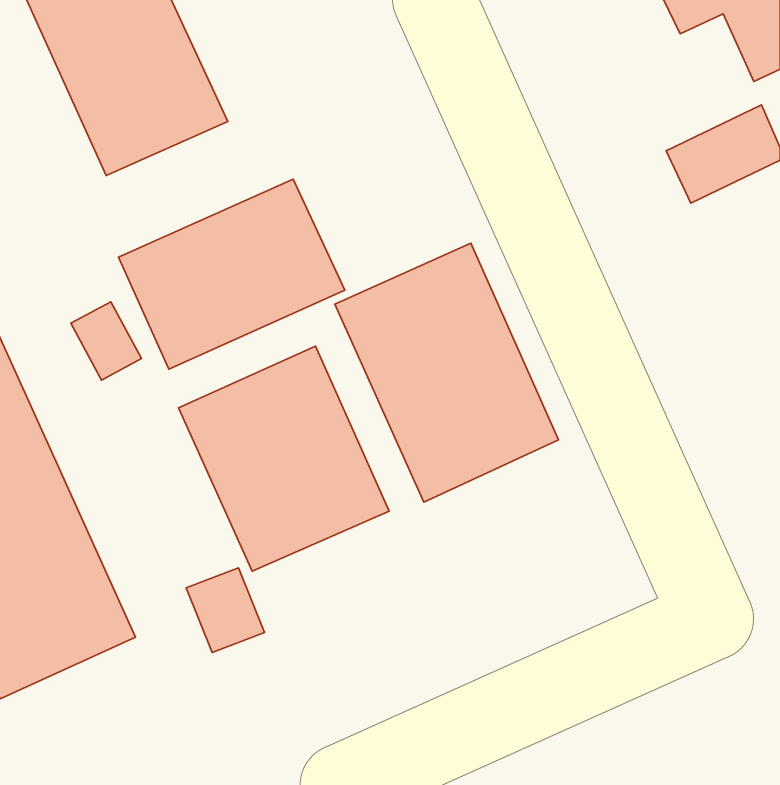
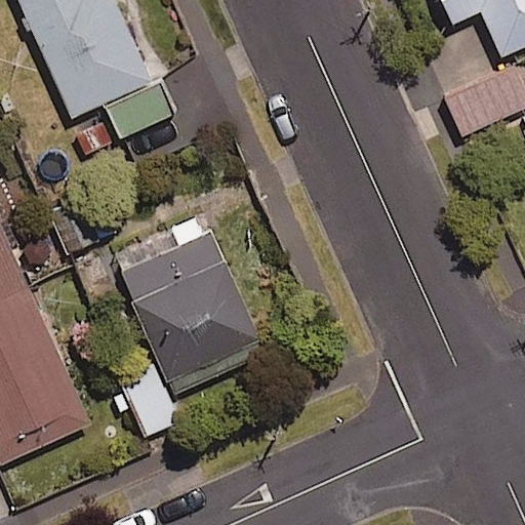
building: [119,179,345,369] -> none
building: [335,243,559,502] -> none

